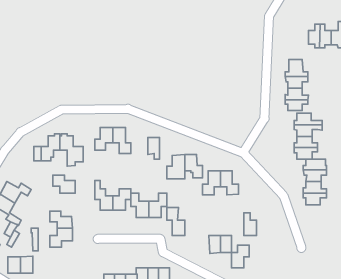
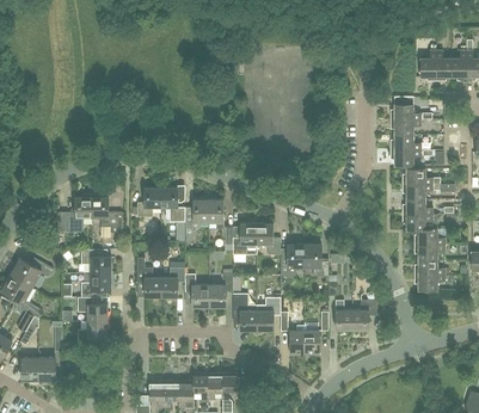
building: none -> [185,199,208,244]
building: none -> [81,273,111,297]
building: none -> [257,296,281,329]
building: [231,245,249,268] -> [352,300,376,329]

